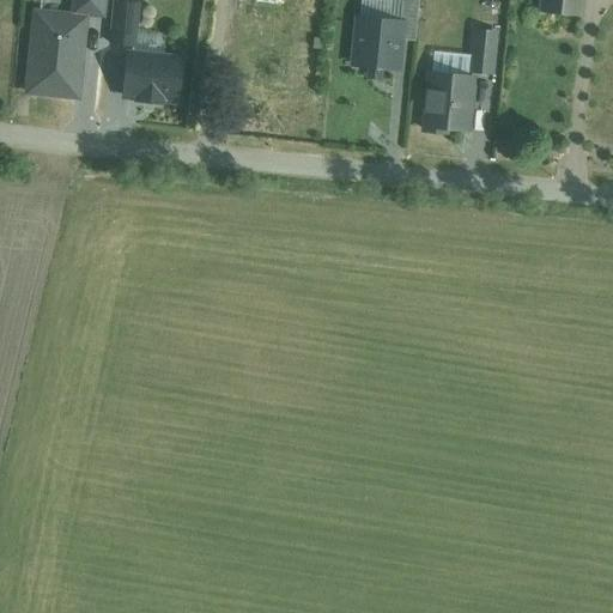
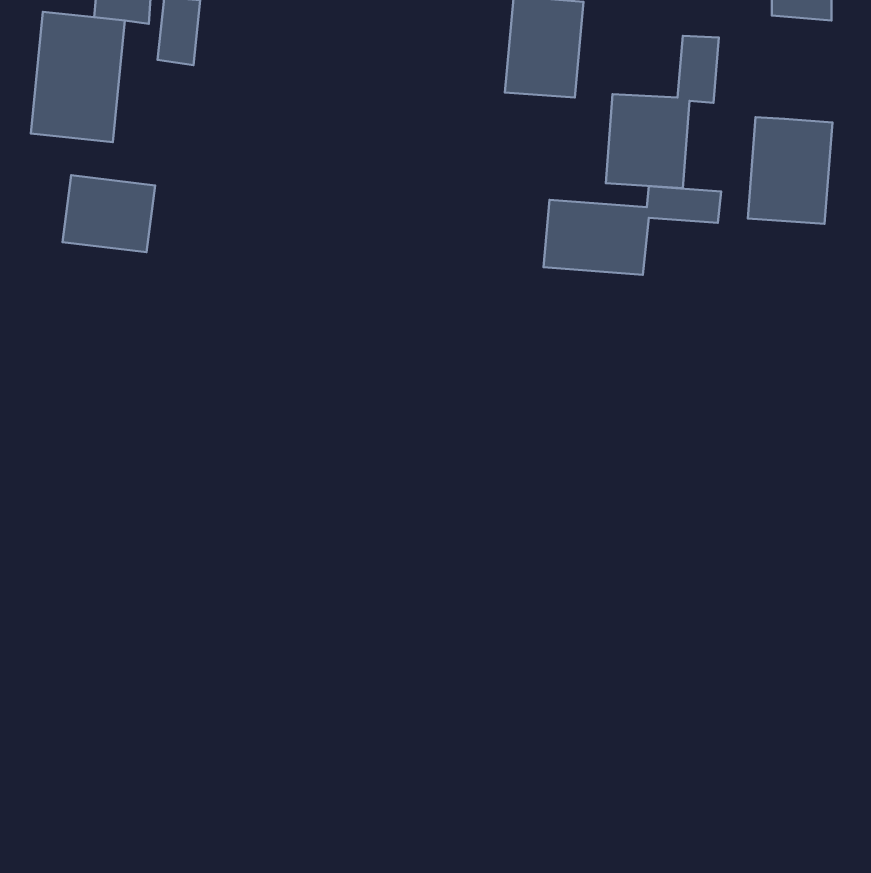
building: [125,49,189,103] -> [63,175,155,252]
building: none -> [748,117,832,224]
building: none -> [543,186,721,275]

